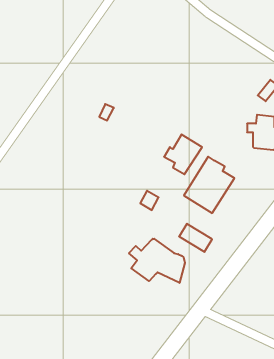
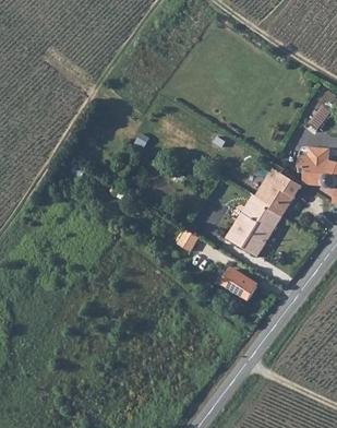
building: [164,134,202,174] -> [258,171,301,216]
building: [129,239,185,283] -> none

